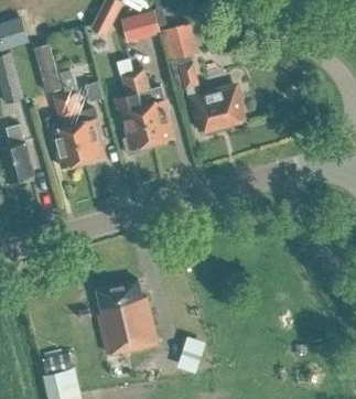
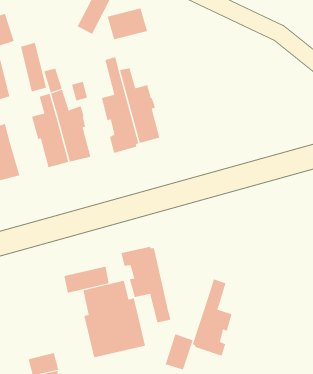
building: [162,24,196,61] -> none
building: [180,63,245,131] -> none
building: none -> [121,246,171,323]
building: none -> [64,266,109,294]
building: none -> [192,279,232,356]

